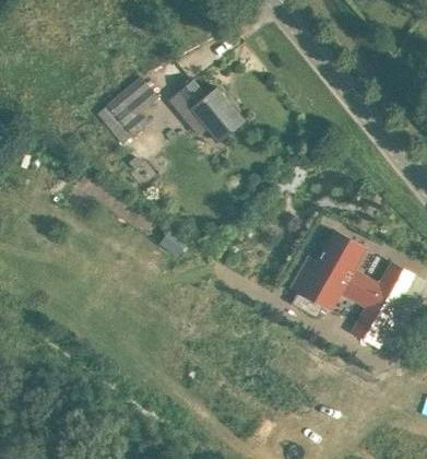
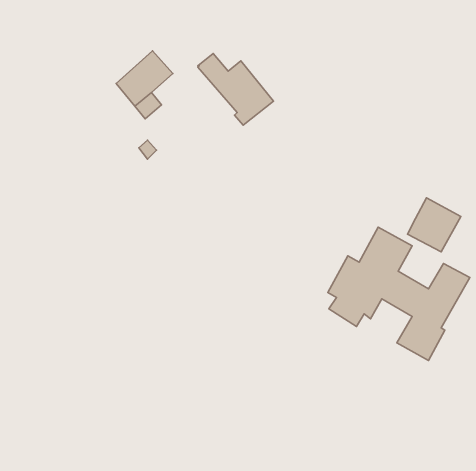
building: none -> [407,198,461,252]

